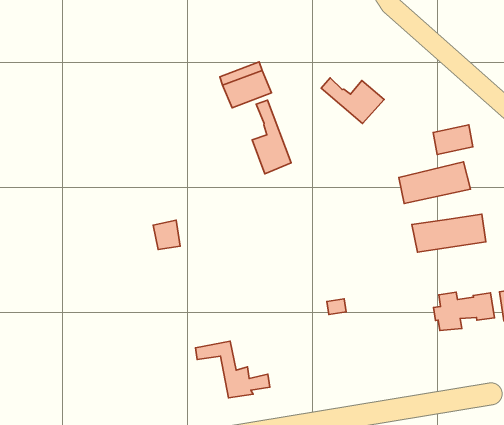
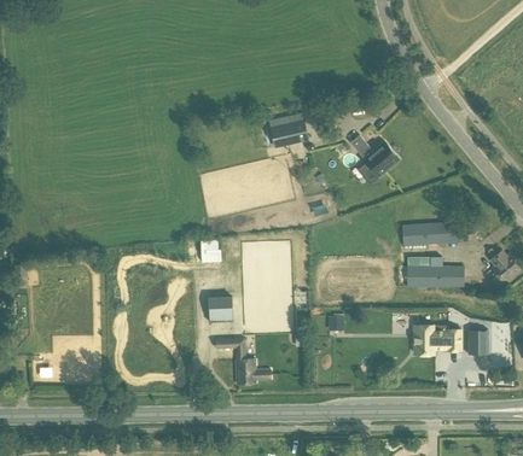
building: [252,100,291,174] -> none
building: [433,125,473,155] -> none
building: none -> [207,296,232,321]

